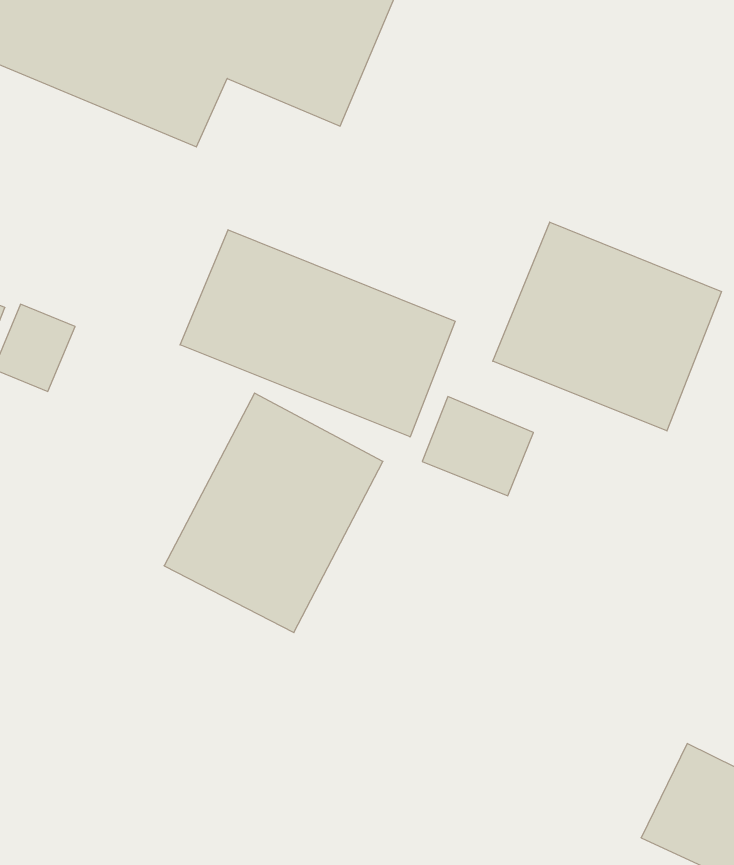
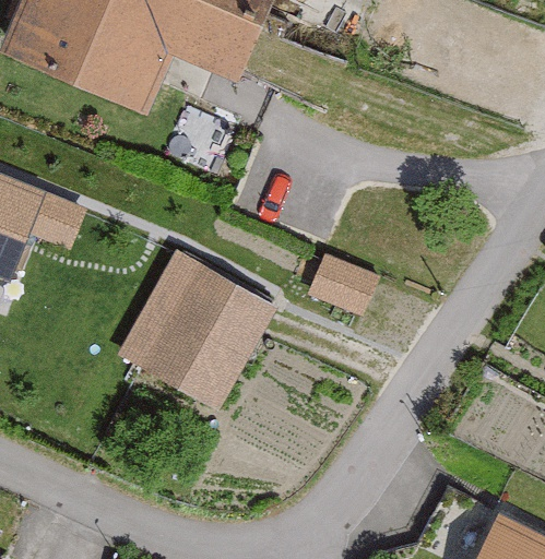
building: [493,222,722,431] -> none
building: [180,230,455,437] -> none

